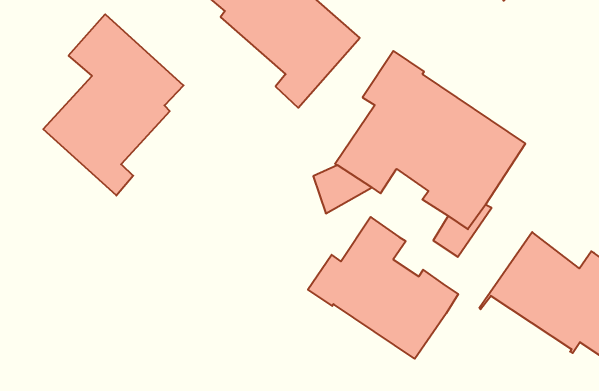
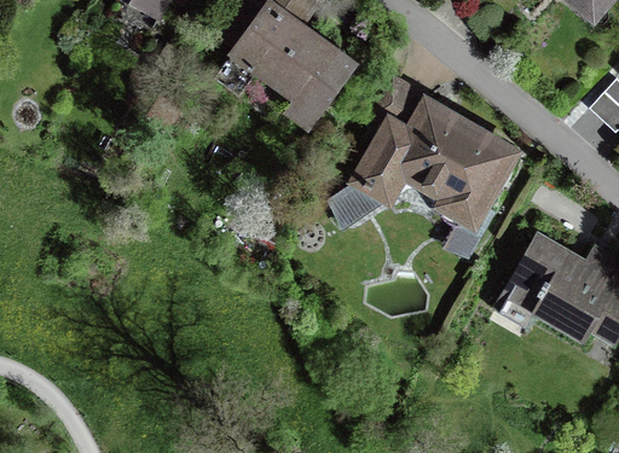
building: [43,14,184,196] -> none
building: [308,217,458,359] -> none

